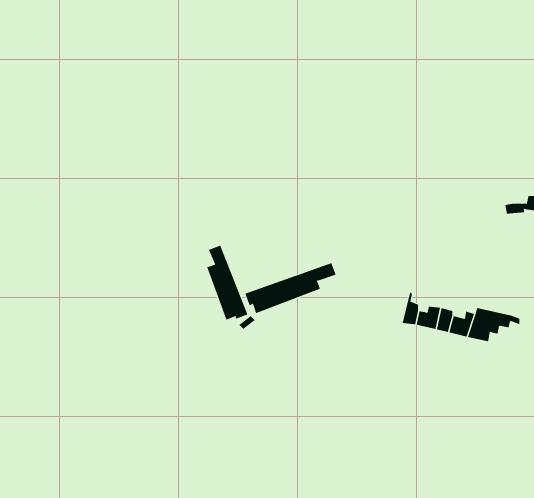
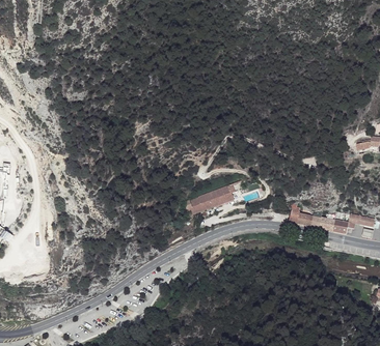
building: [207,245,248,320] -> none

